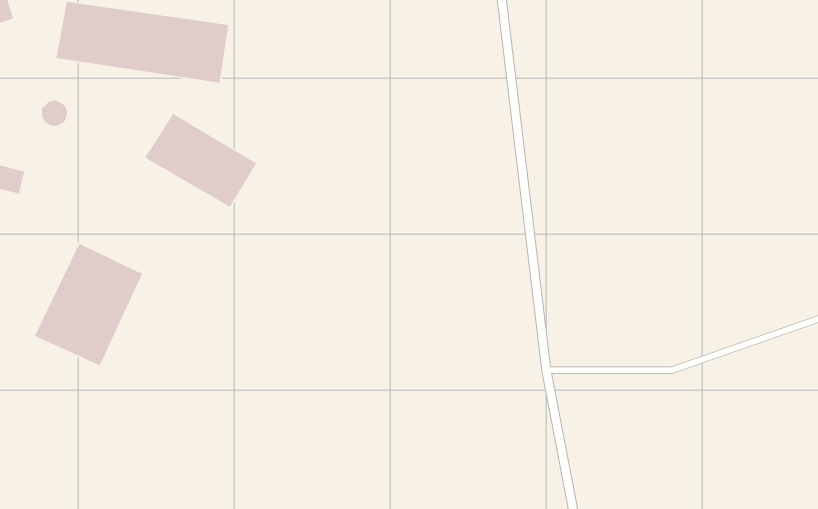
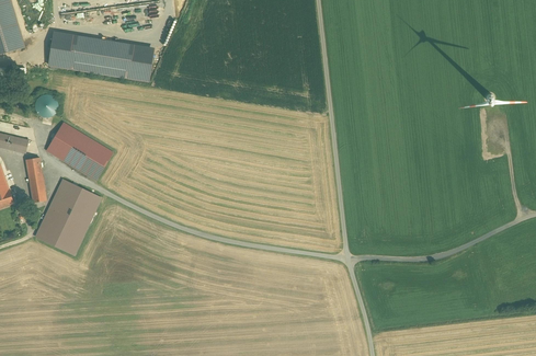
building: [144,113,257,208] -> [44,118,113,176]
building: none -> [25,156,46,203]

